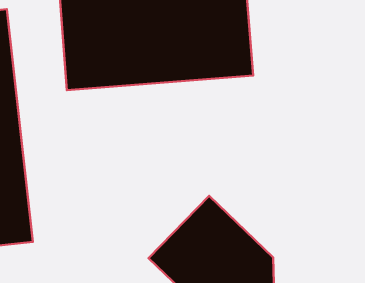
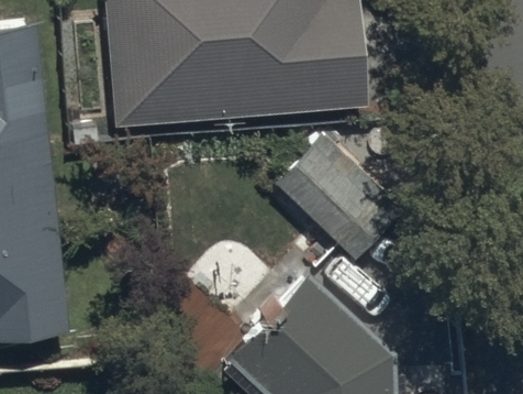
building: none -> [276,134,403,260]

